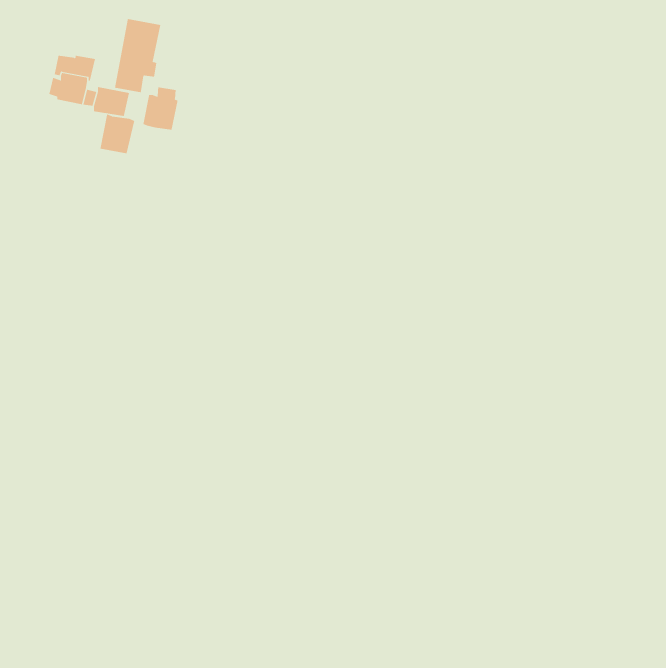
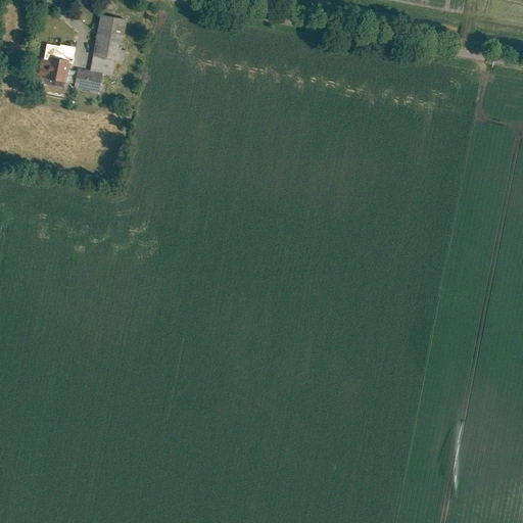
building: [143,87,178,131] -> none
building: [100,114,135,154] -> none

